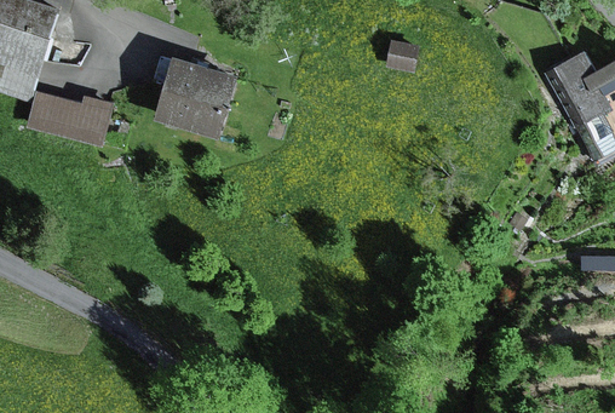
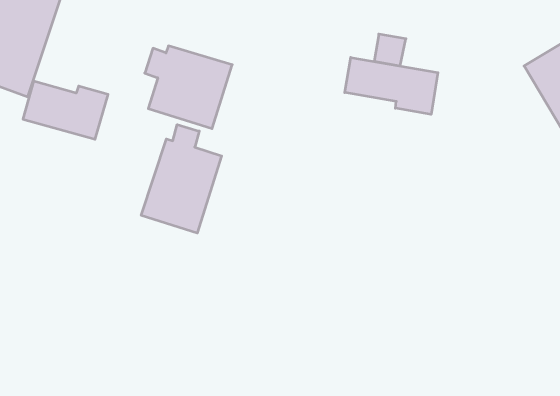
building: none -> [345,57,438,114]
building: none -> [141,125,222,233]

